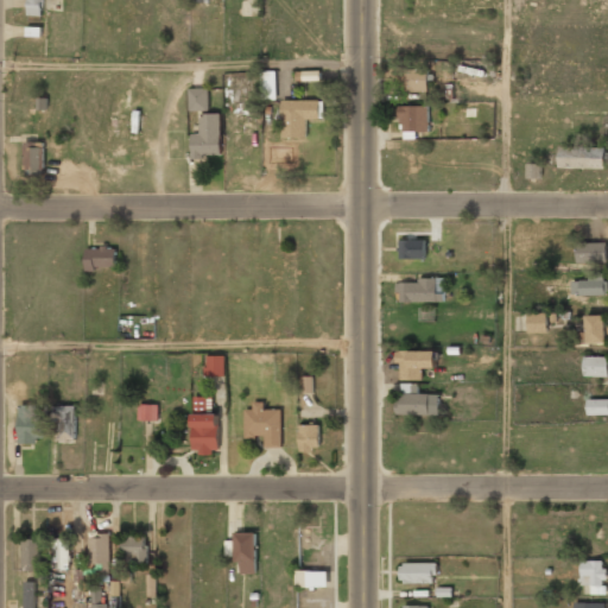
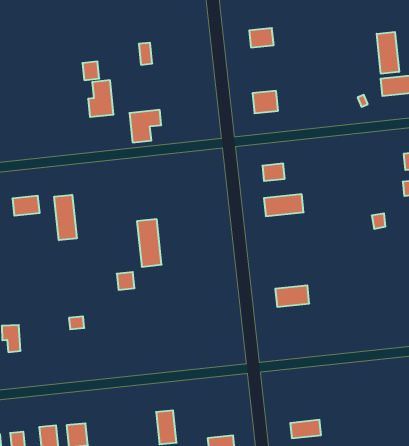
building: none -> [377,32,399,74]
building: [280,101,318,138] -> [129,110,161,142]
building: [397,107,426,132] -> [252,91,278,113]
building: none -> [54,195,77,240]
building: [394,353,433,380] -> none
building: [191,395,216,452] -> [137,219,162,267]
building: [242,407,281,448] -> none
building: [298,424,318,451] -> none

